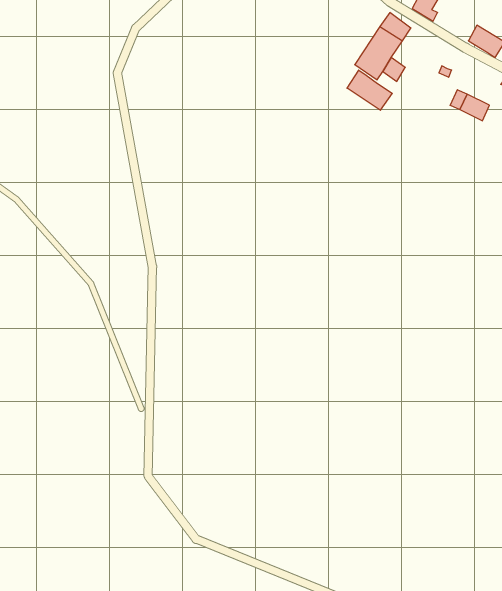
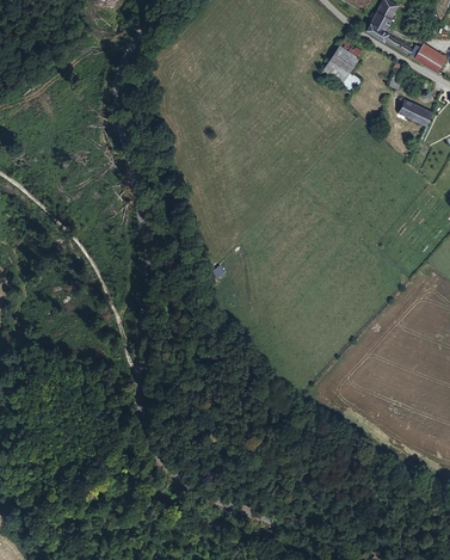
building: [347,70,392,110] -> none

